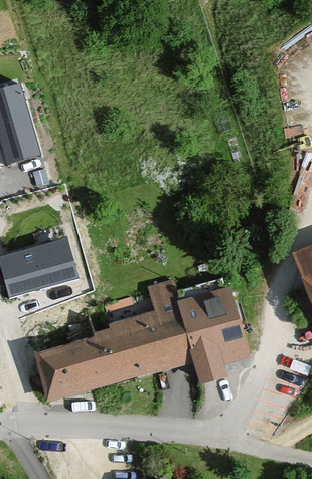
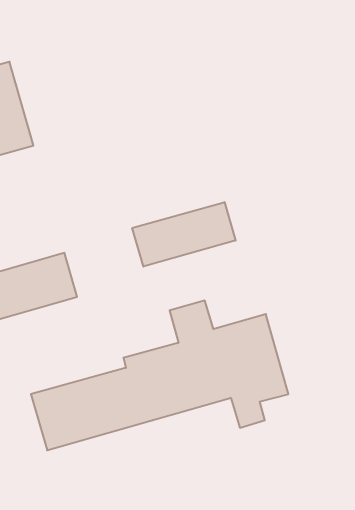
building: none -> [132,202,236,267]

